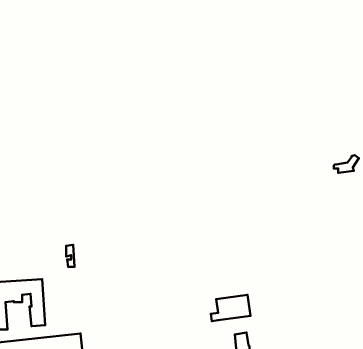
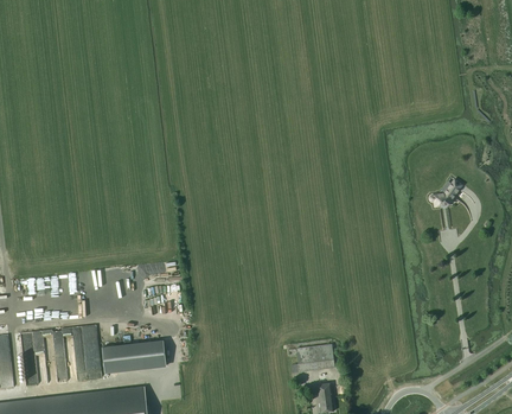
building: none -> [103,340,165,371]

